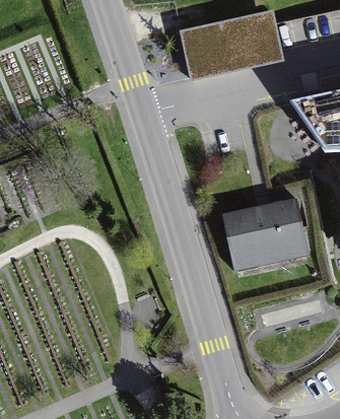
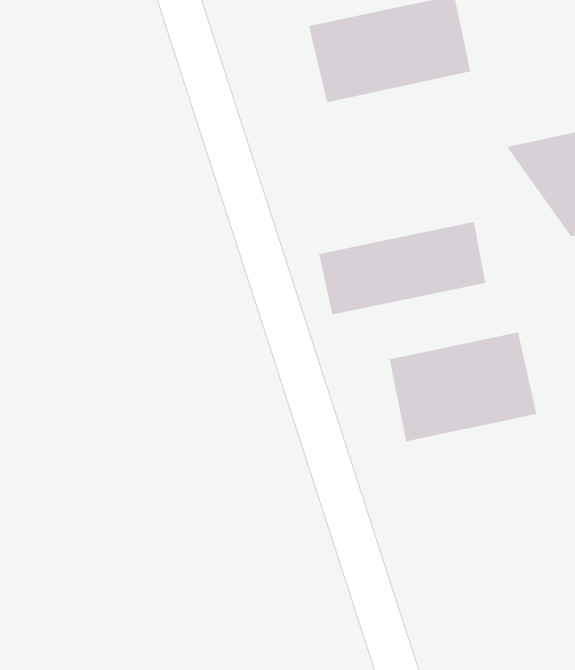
building: none -> [318,221,486,315]

